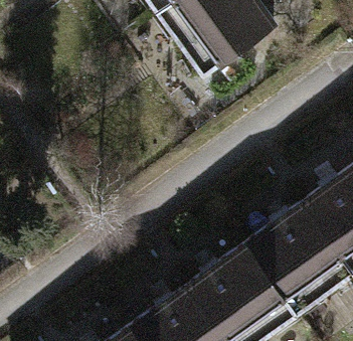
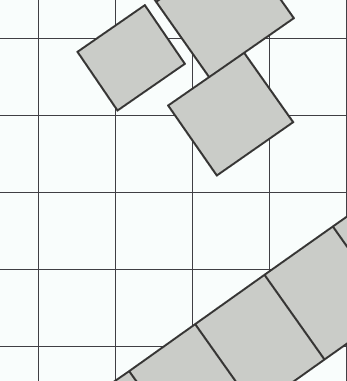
building: none -> [77,5,185,110]
building: none -> [168,53,293,176]

